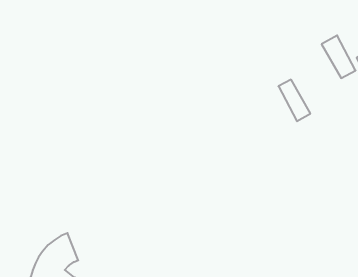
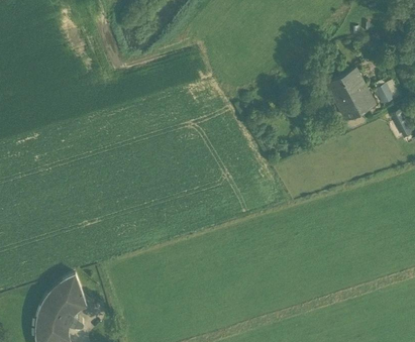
building: [278,80,310,121] -> [326,77,359,120]

